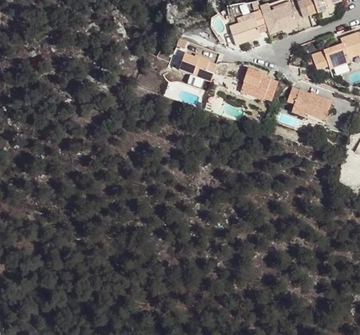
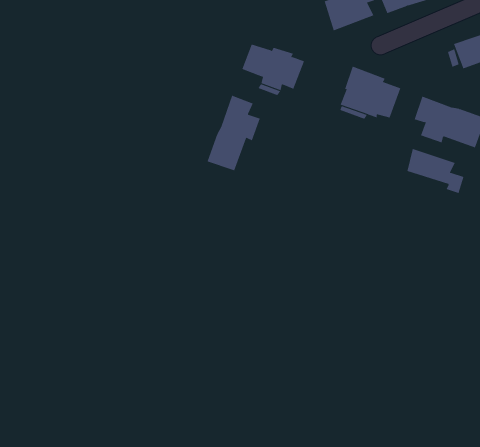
building: none -> [207,95,260,171]
building: none -> [407,148,464,194]

